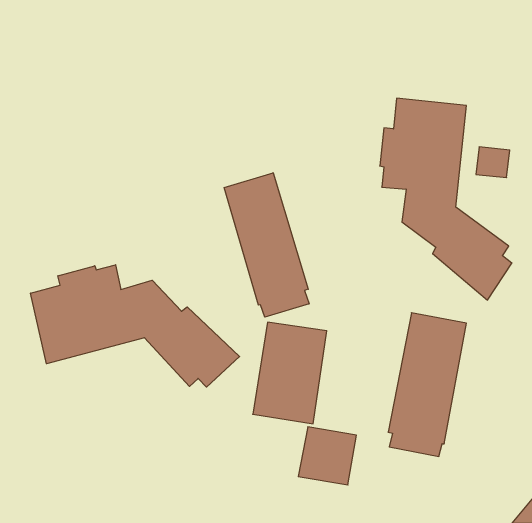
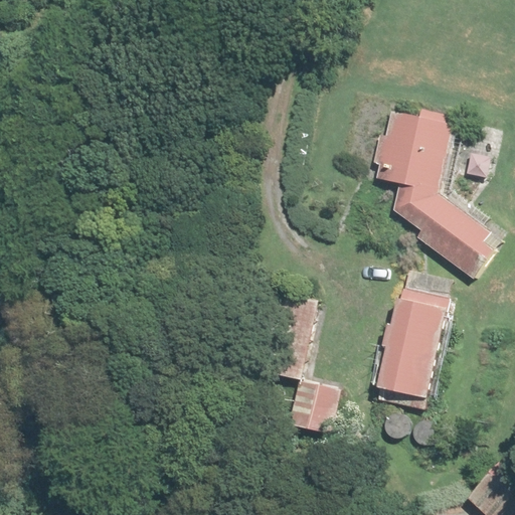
building: [224,173,309,317] -> none
building: [31,265,240,387] -> none

